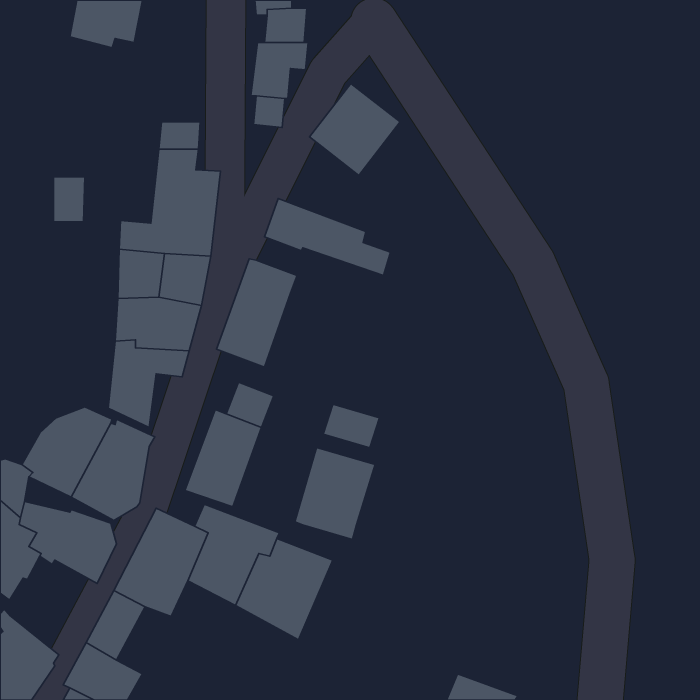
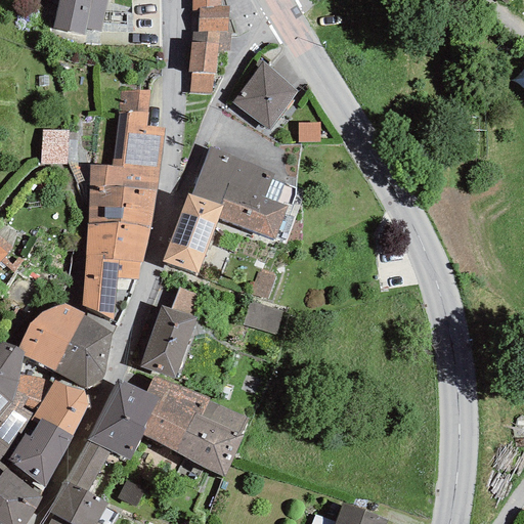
building: none -> [191,177,287,238]
building: [295,448,375,540] -> none
building: none -> [7,419,73,489]

